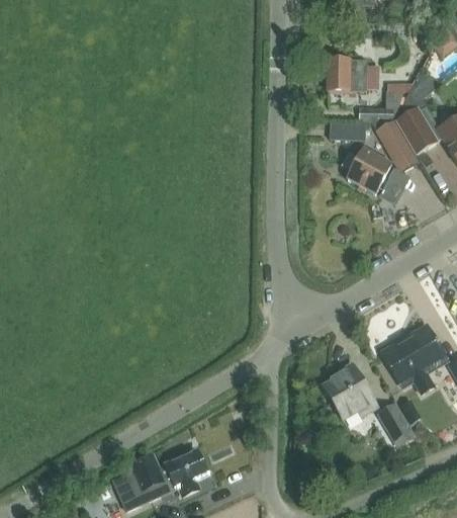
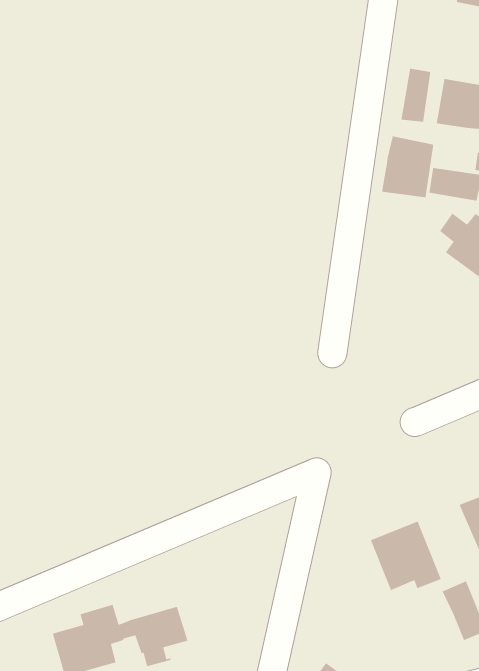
building: none -> [401,68,431,123]
building: none -> [381,135,434,198]

